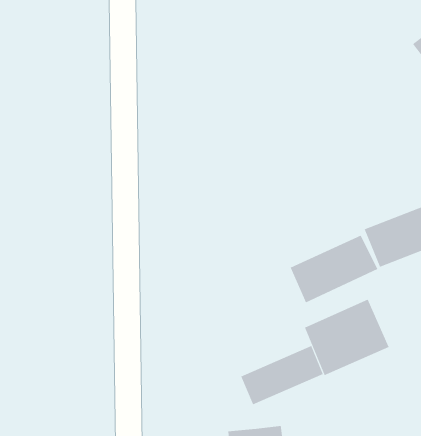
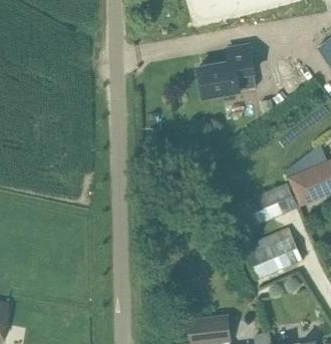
building: none -> [198,46,256,97]
building: [241,345,324,405] -> none

